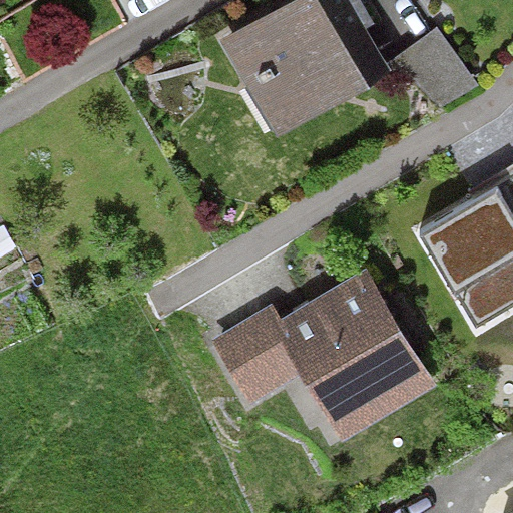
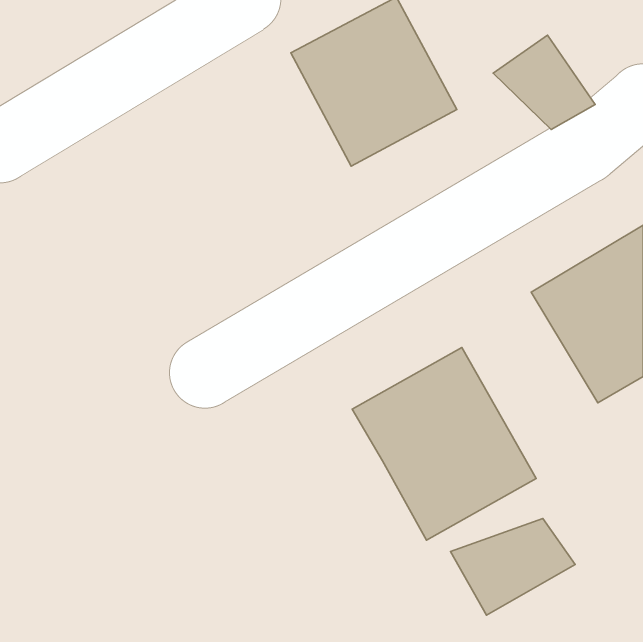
building: [221,312,305,397] -> none
building: none -> [451,518,575,615]

